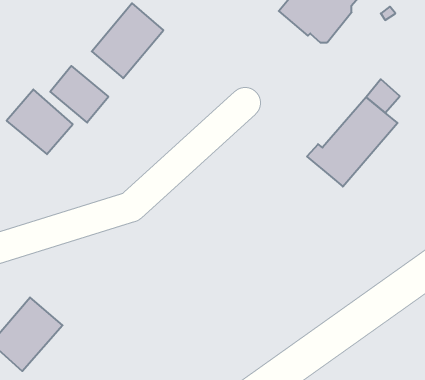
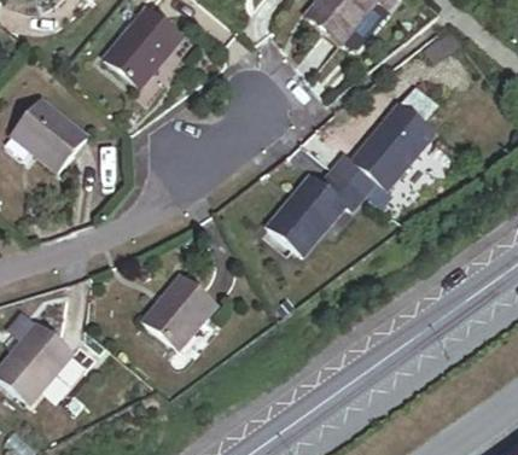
building: [50,66,108,123] -> none
building: none -> [268,170,363,253]
building: none -> [144,275,215,348]

